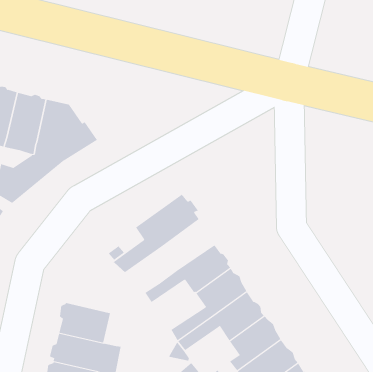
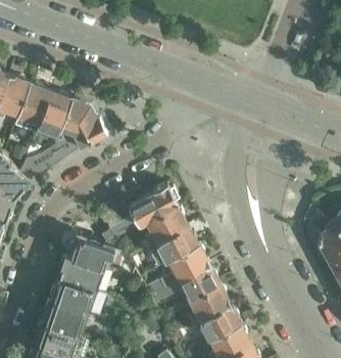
building: none -> [138,206,188,251]
building: none -> [68,231,118,269]

